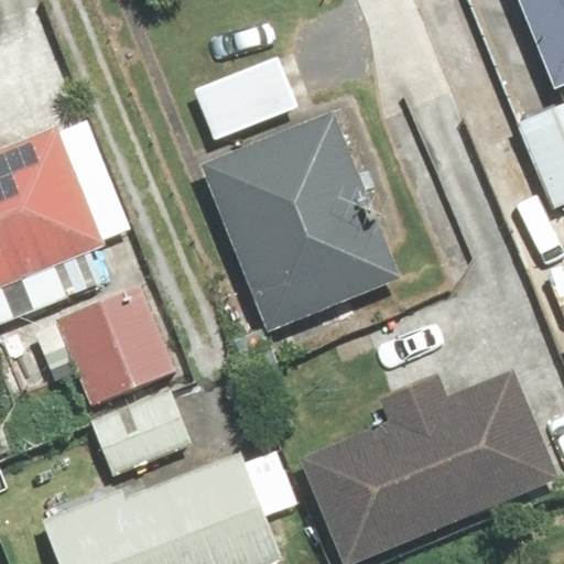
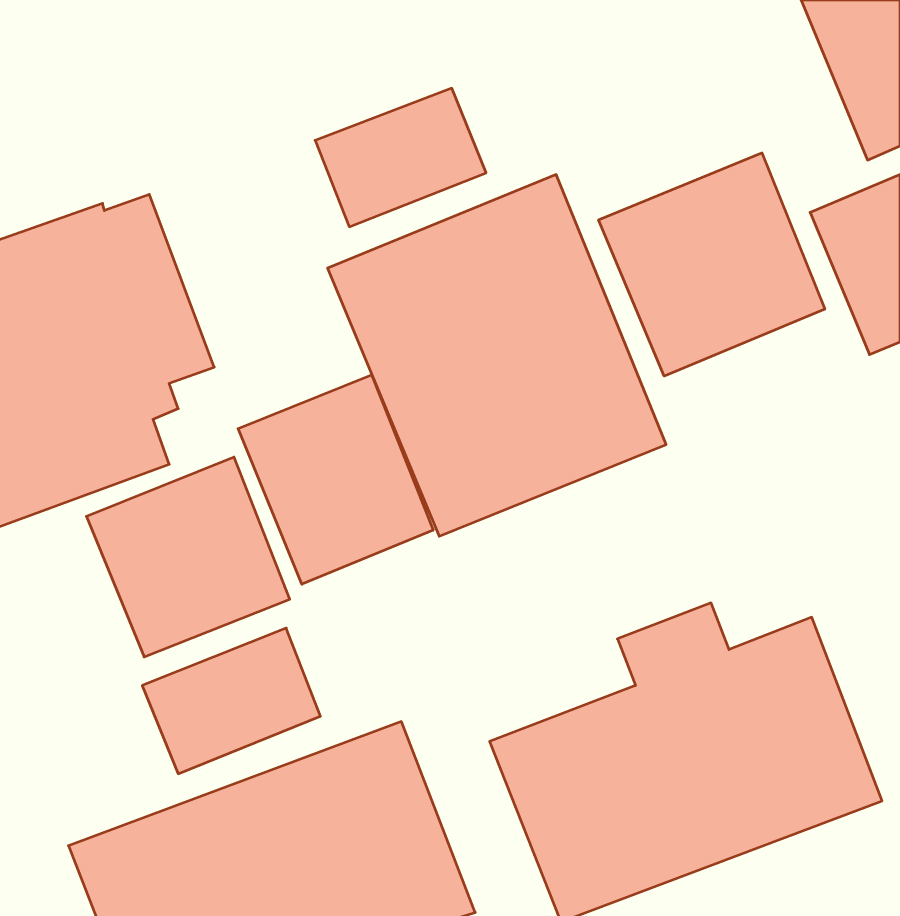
building: none -> [599,153,825,376]
building: none -> [238,375,433,584]

